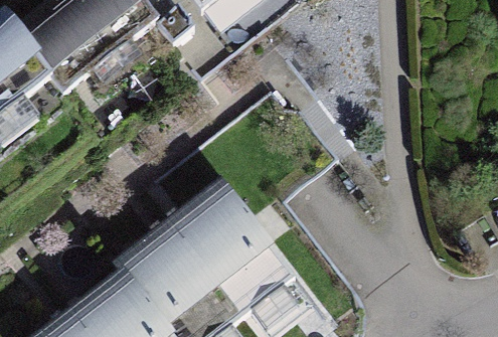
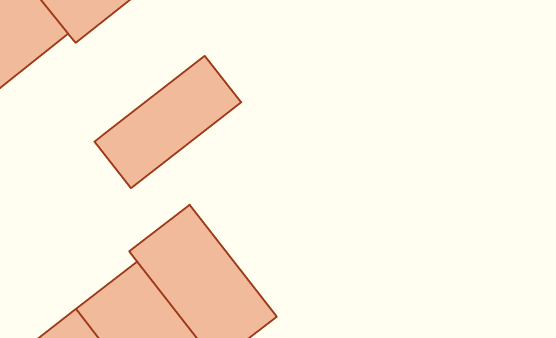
building: none -> [94,56,241,188]
building: [168,176,299,317] -> none

